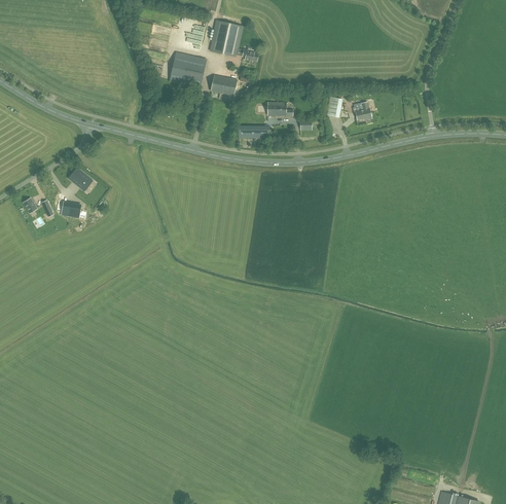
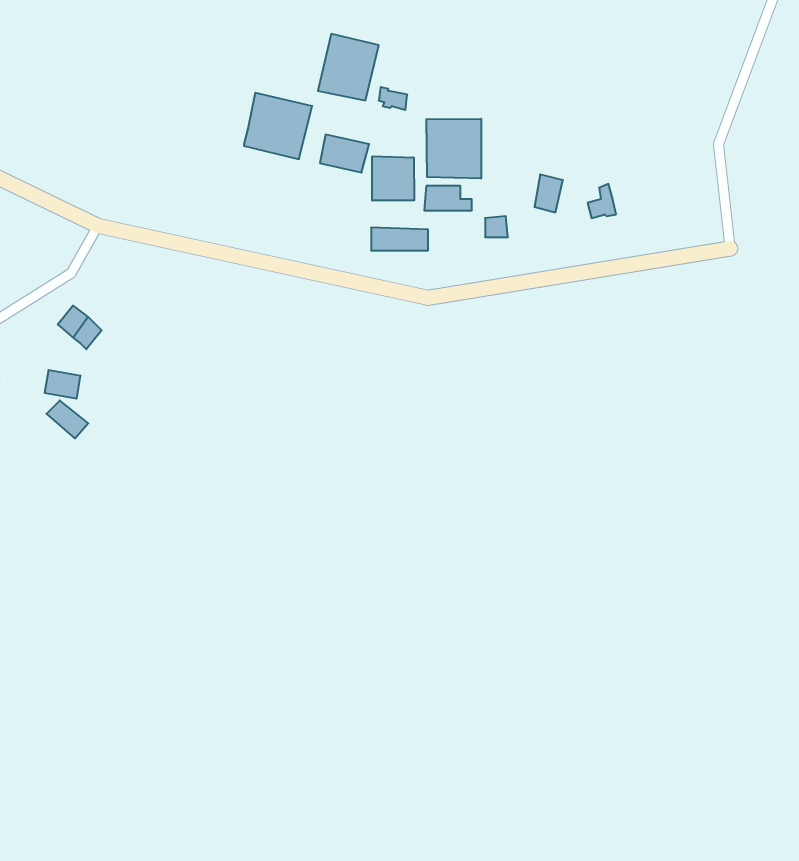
building: none -> [427,119,481,179]
building: none -> [372,156,414,201]

